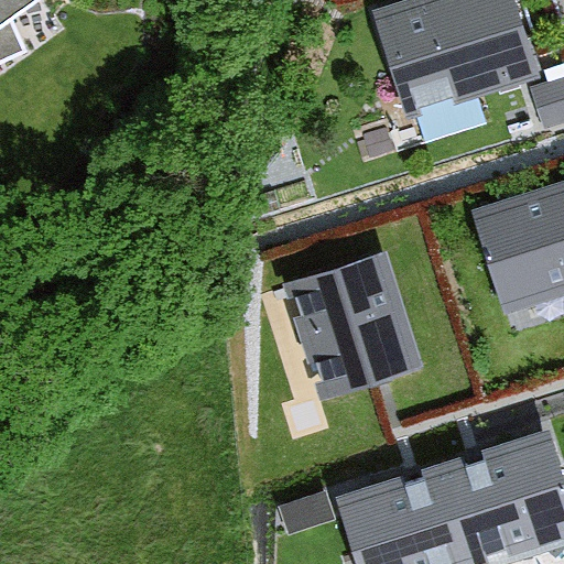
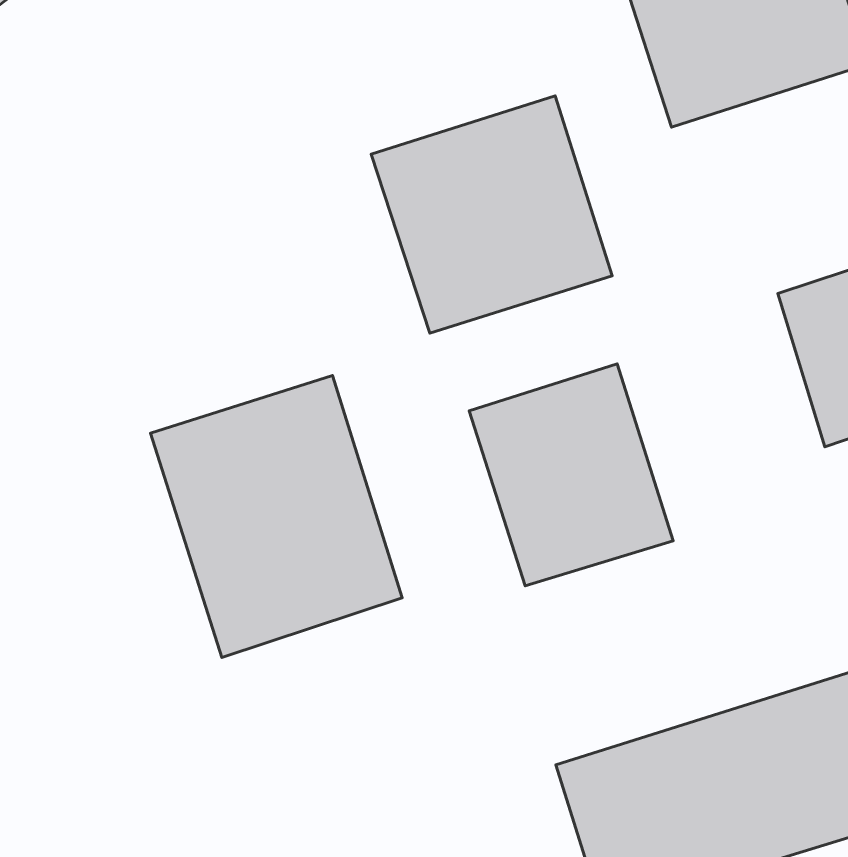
building: none -> [371,96,612,333]
building: none -> [151,376,402,657]

